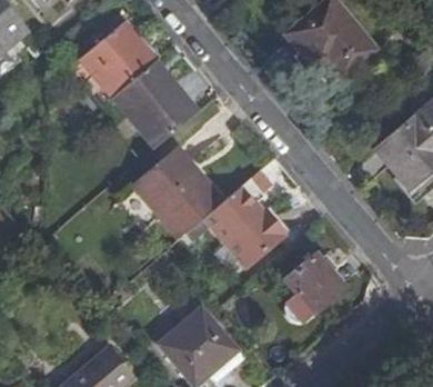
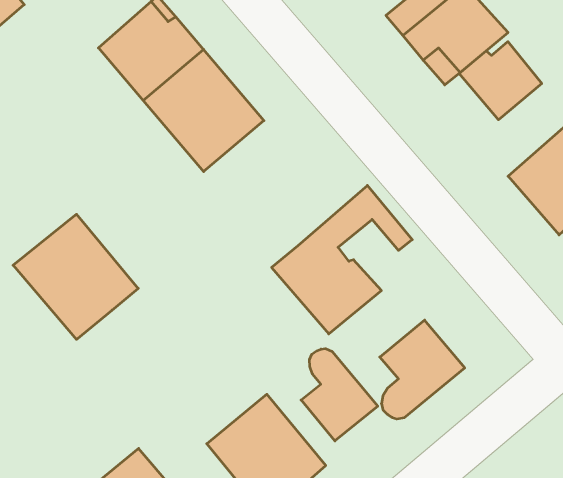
building: none -> [459,42,542,120]
building: [133,147,223,237] -> [13,214,138,339]
building: none -> [301,349,378,441]

